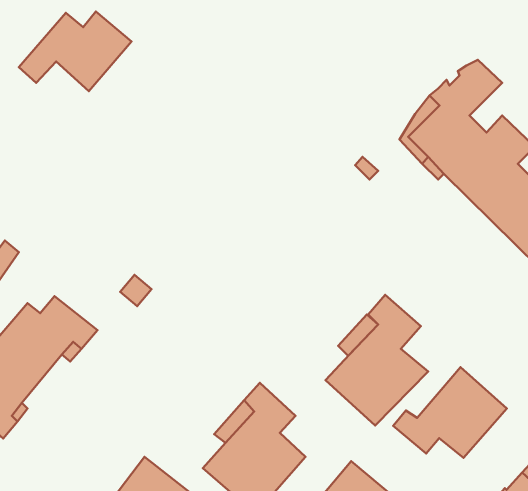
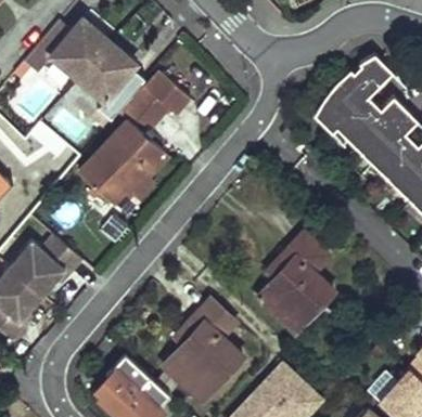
building: none -> [78,41,139,128]
building: none -> [78,74,187,205]
building: [393,367,507,458] -> none

